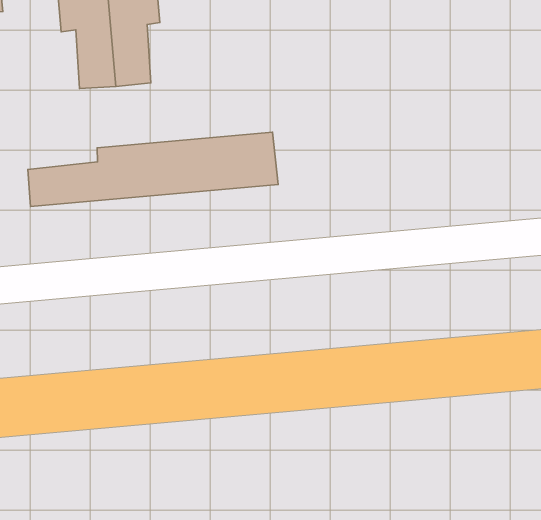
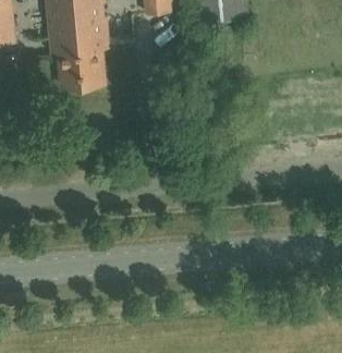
building: [28,132,278,207] -> none

